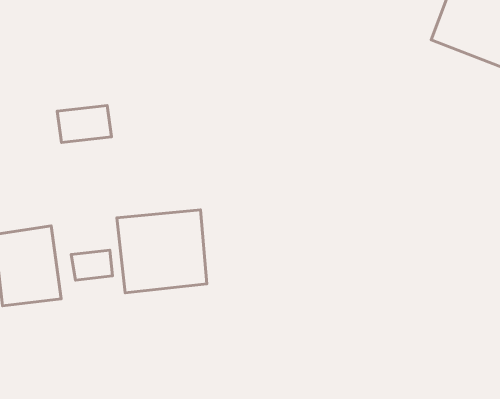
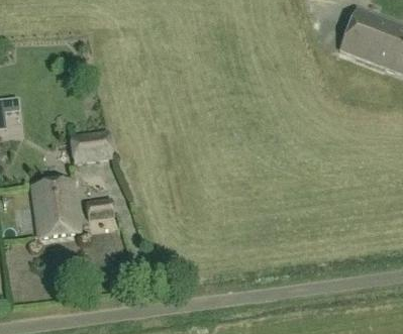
building: [57,105,111,143] -> [71,132,109,158]
building: [117,210,207,293] -> none

